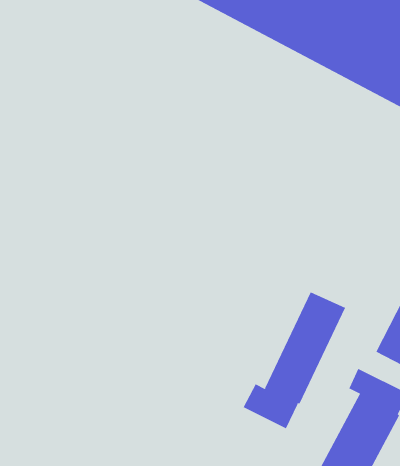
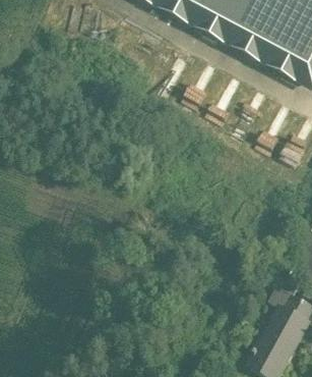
building: [243,292,346,429] -> none

